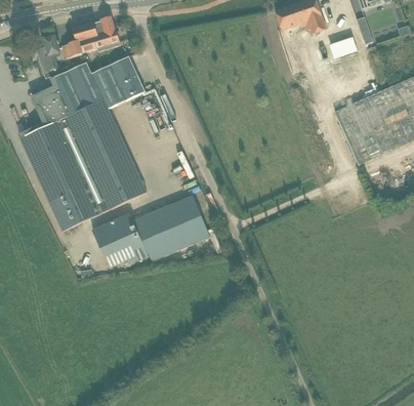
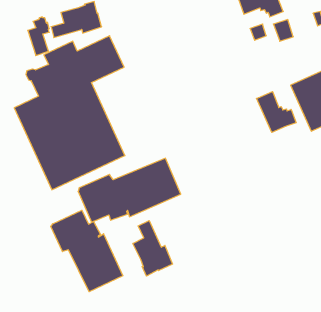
building: none -> [257,92,296,132]
building: none -> [51,210,123,292]
building: none -> [133,221,173,276]

